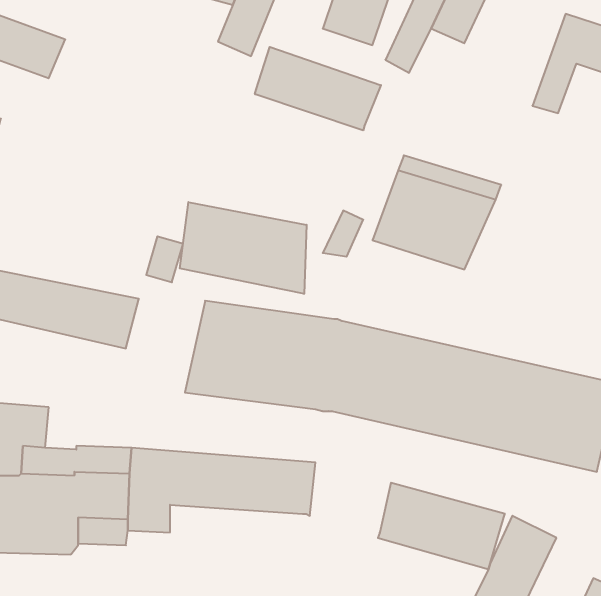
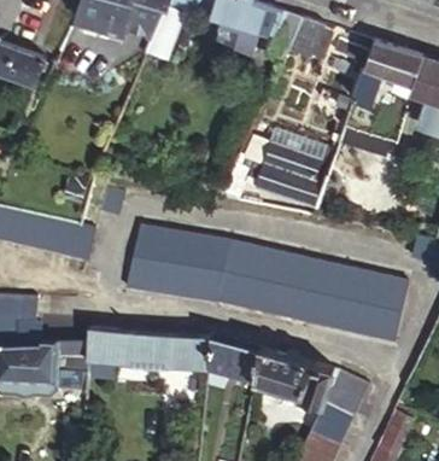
building: [255,47,381,130] -> none
building: [180,202,307,294] -> none
building: none -> [209,335,262,381]

